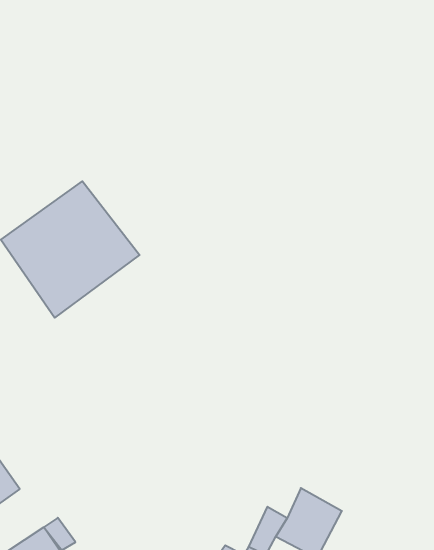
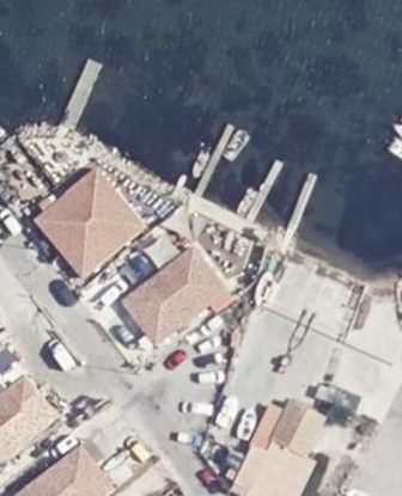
building: none -> [121,249,226,347]

